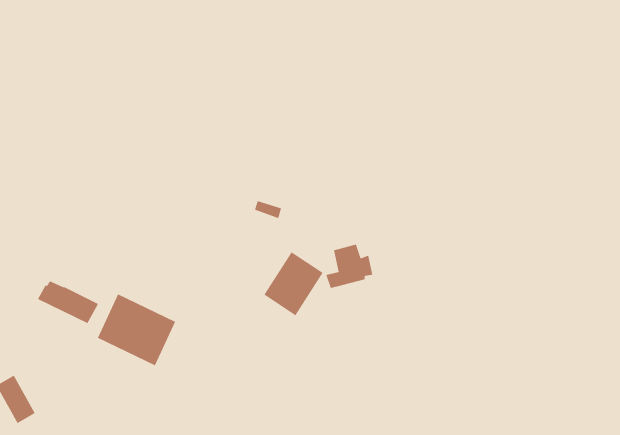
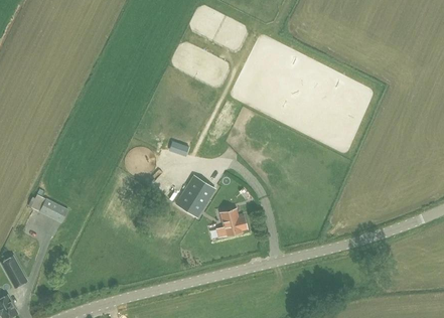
building: [326,244,373,289] -> [215,208,247,237]
building: [97,293,176,366] -> none

